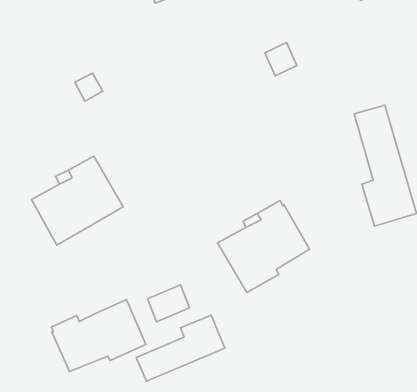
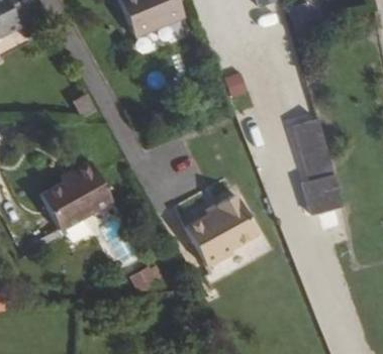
building: [51,299,146,372] -> none
building: [136,315,225,381] -> none

